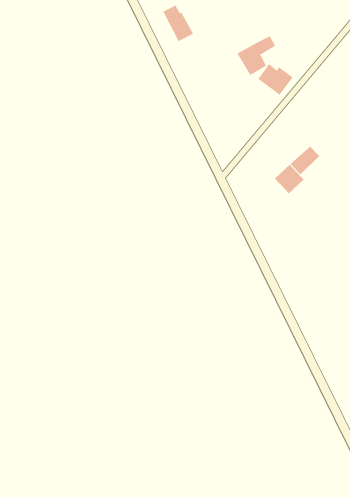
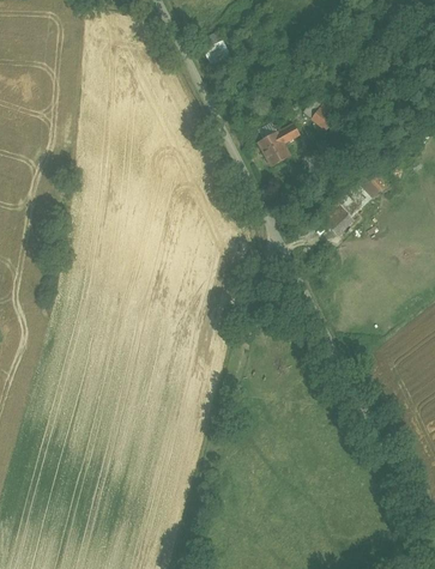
building: [236,36,276,76] -> [256,123,298,167]

